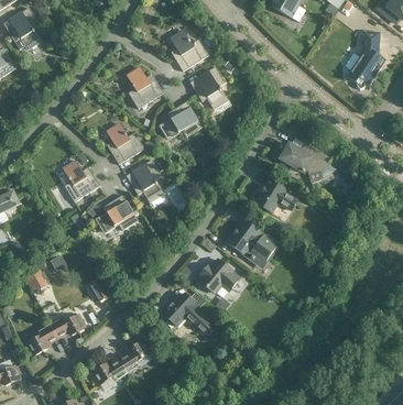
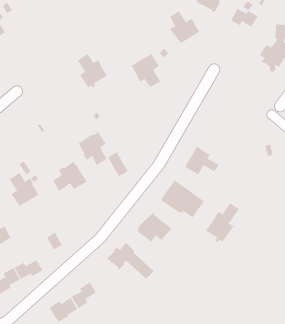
building: none -> [231,8,258,28]
building: [170,29,207,69] -> [169,11,200,45]
building: [160,100,201,138] -> none
building: [106,122,143,163] -> none
building: [280,142,329,182] -> none
building: [62,158,99,200] -> [9,172,40,207]
building: none -> [205,202,239,243]

